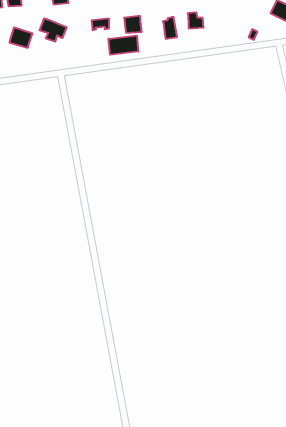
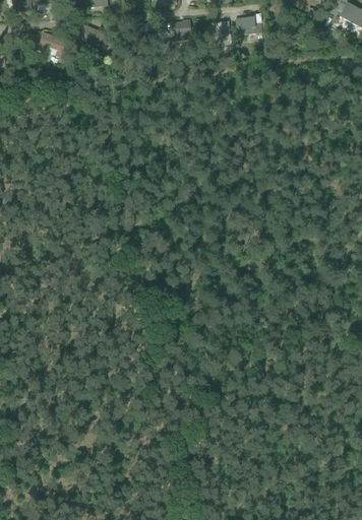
building: [108,36,138,55] -> none

